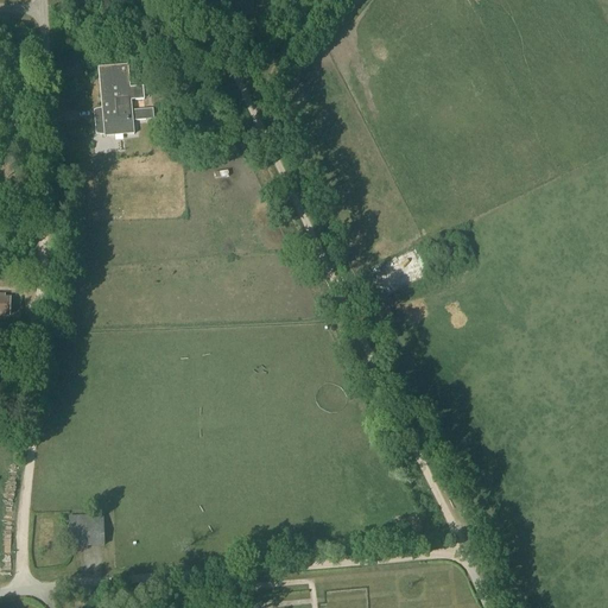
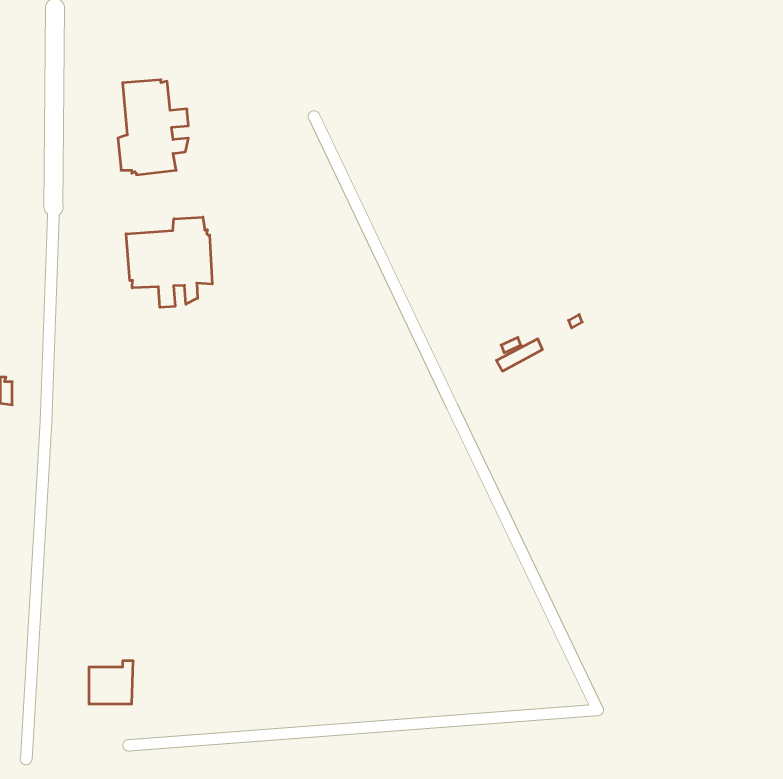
building: none -> [126,217,212,307]

